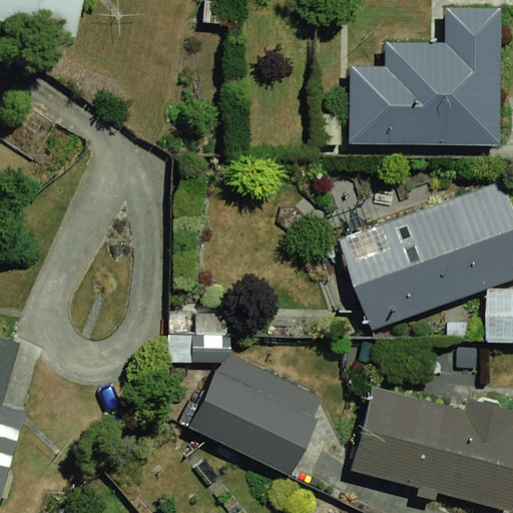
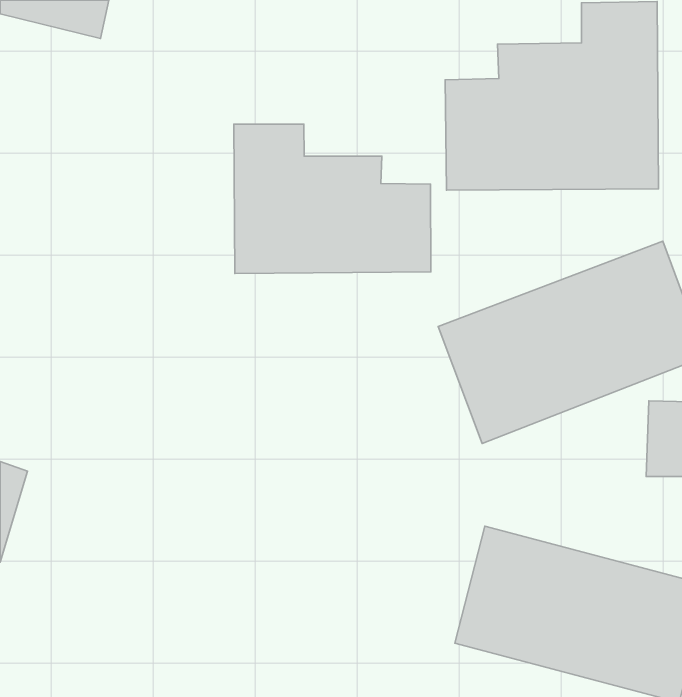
building: none -> [234,124,431,274]
building: [178,354,318,483] -> none

